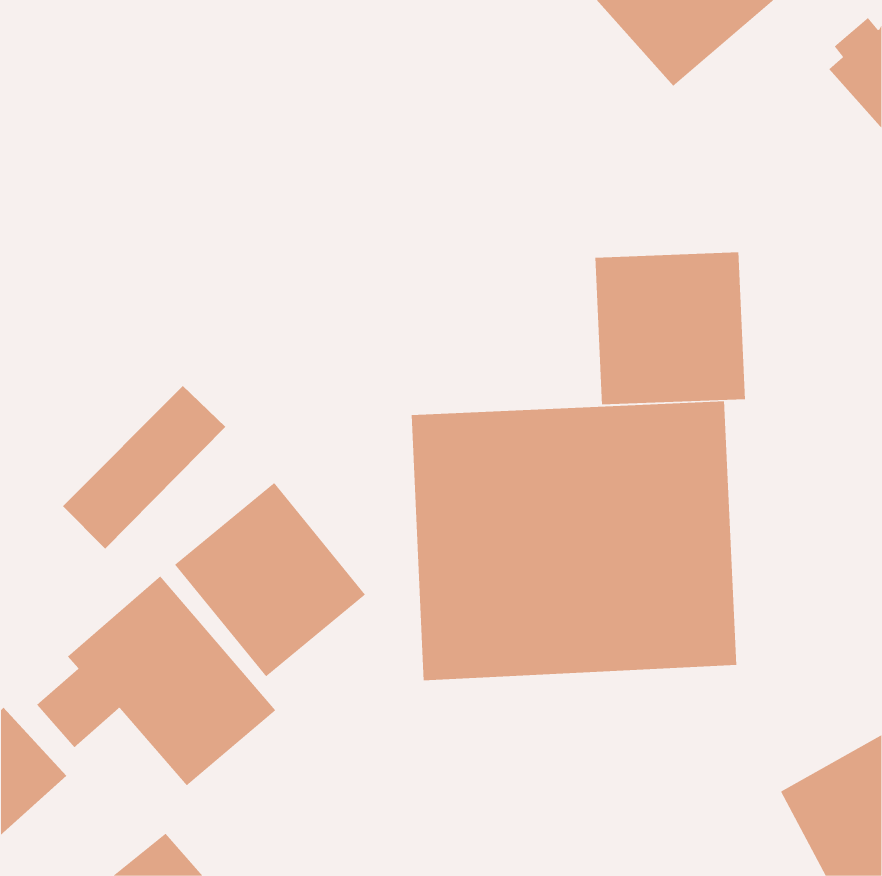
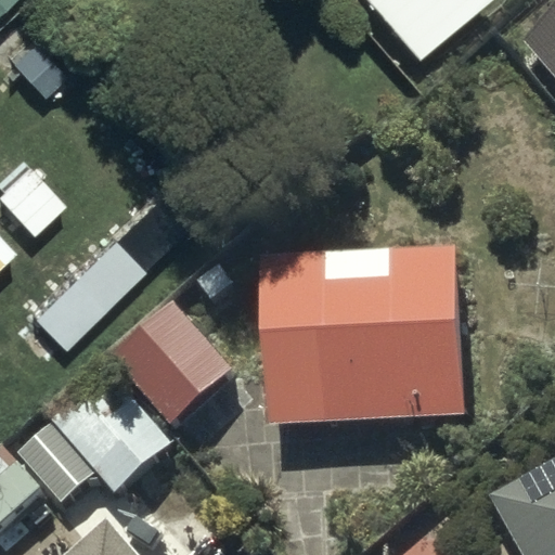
building: [595,252,745,405] -> none

